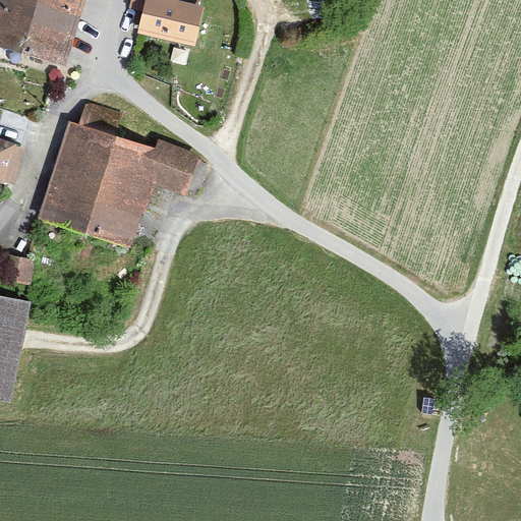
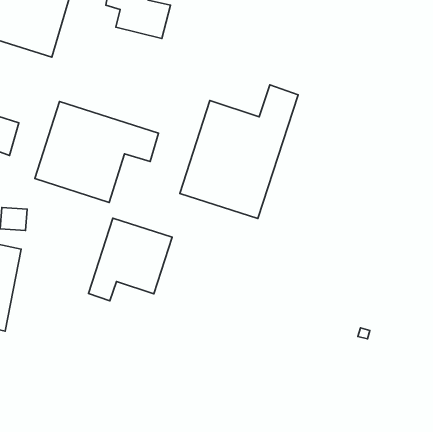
building: none -> [180,85,298,219]
building: none -> [89,218,172,301]

